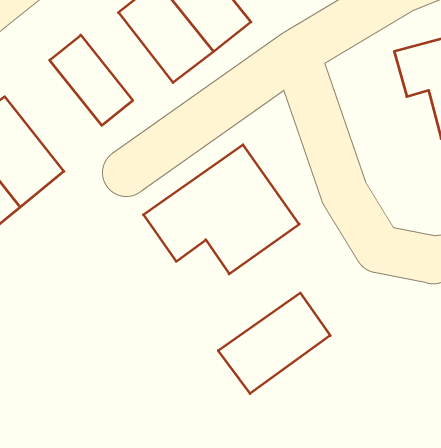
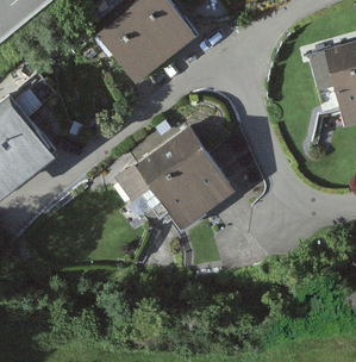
building: [50,35,133,125] -> none
building: [218,293,330,394] -> none

